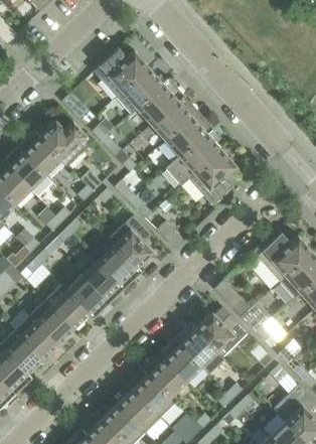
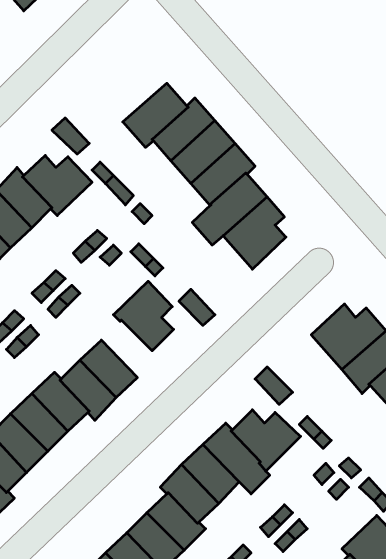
building: [93,46,147,95] -> none
building: [98,244,142,287] -> none

